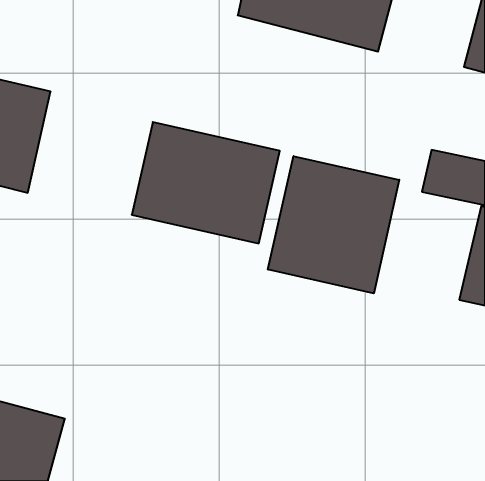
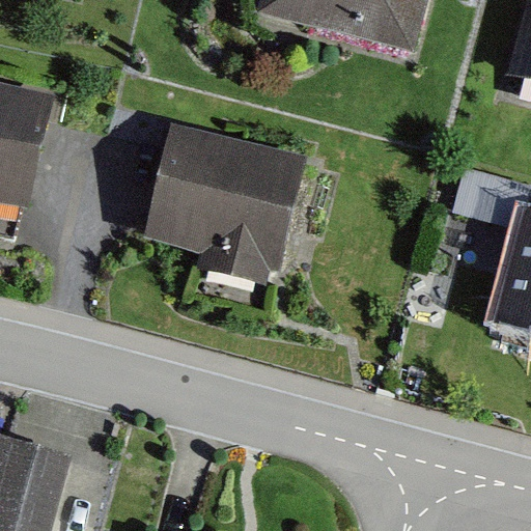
building: [268,156,399,293] -> none

